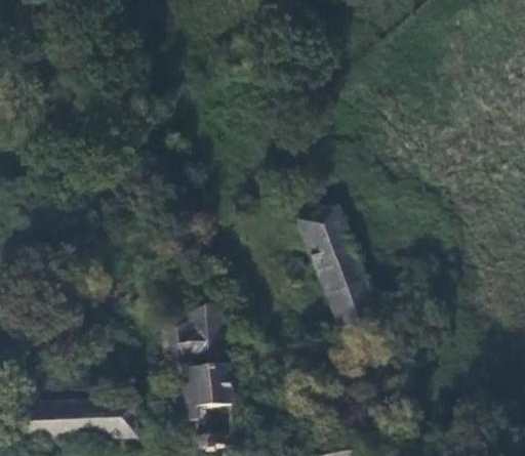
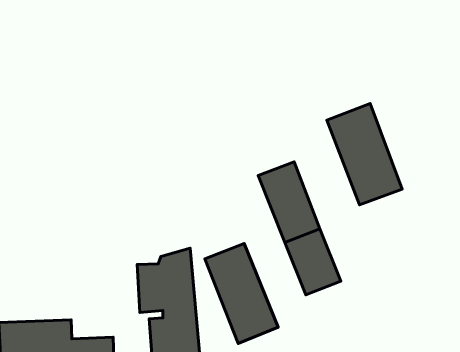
building: none -> [327,103,402,205]
building: none -> [205,243,278,343]

